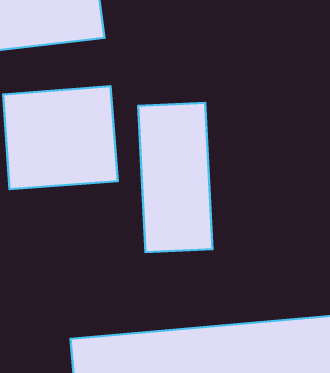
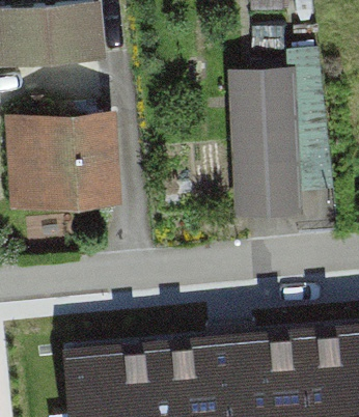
building: [138,103,213,252] -> [227,66,302,217]

